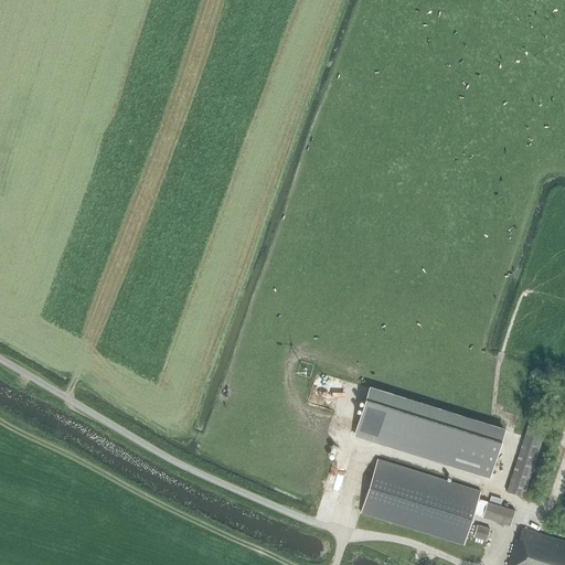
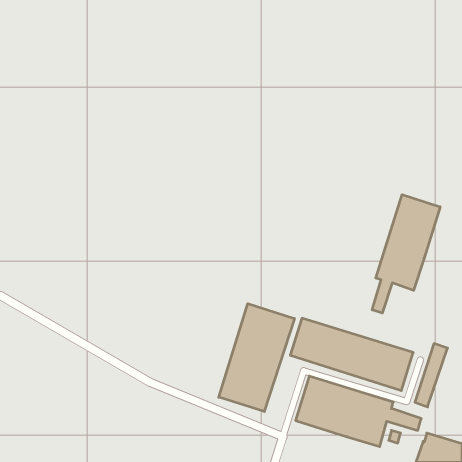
building: none -> [372,195,440,313]
building: none -> [219,304,294,412]

